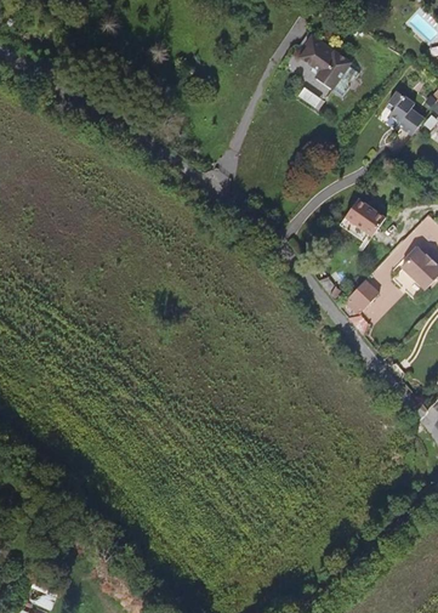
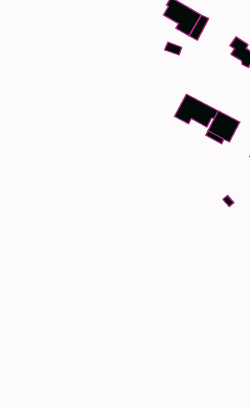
building: none -> [175,94,218,127]
building: [348,277,382,311] -> none

